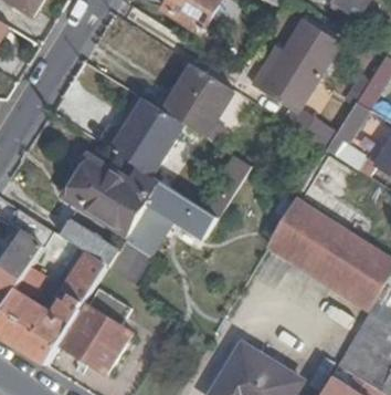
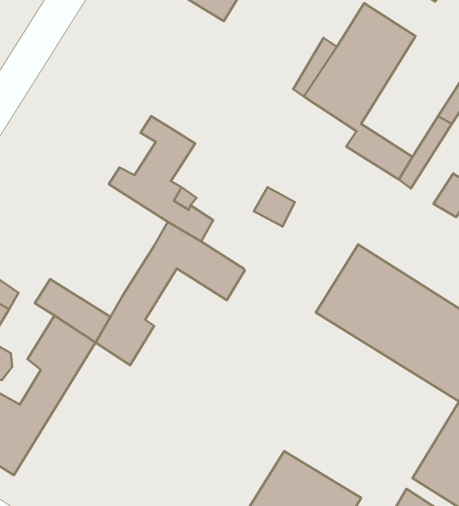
building: [160,62,231,145] -> none
building: [66,160,148,233] -> none
building: [63,285,133,372] -> none

